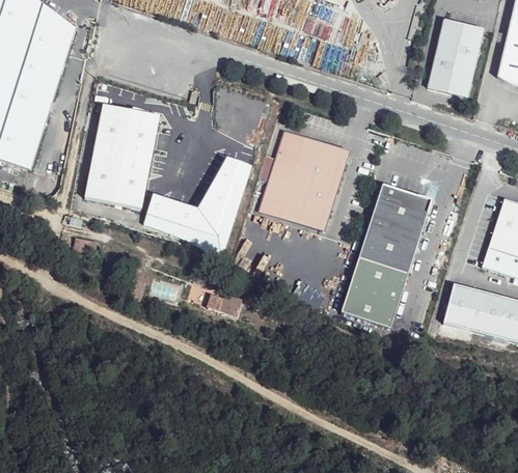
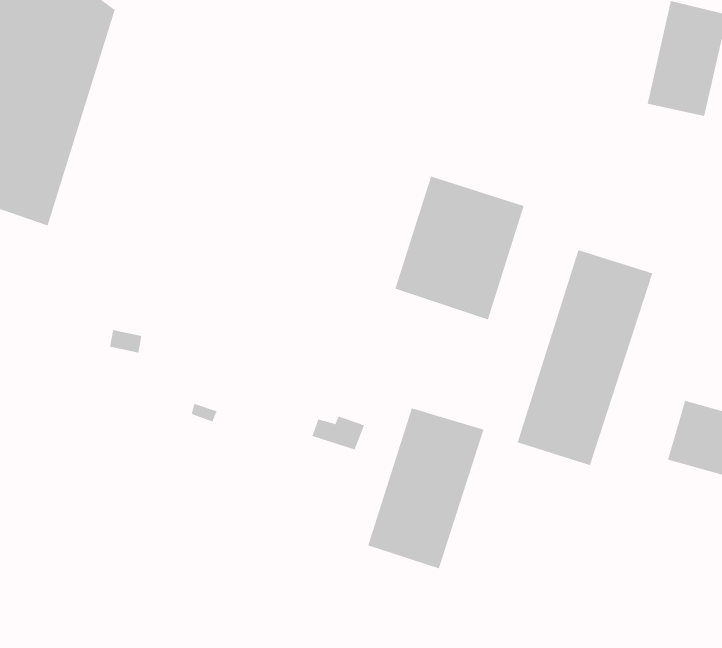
building: [83,105,159,210] -> none
building: [143,152,252,254] -> none
building: none -> [367,408,484,569]

